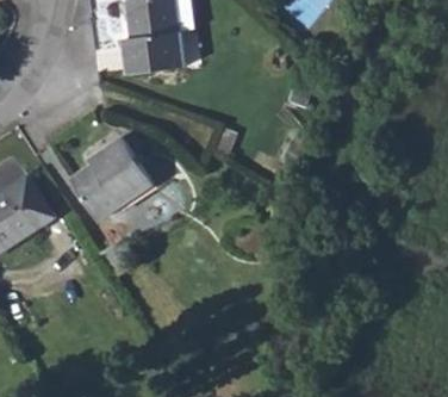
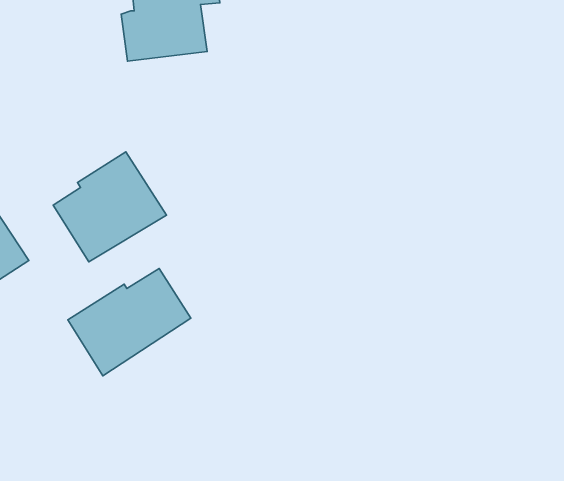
building: none -> [68,268,191,376]

